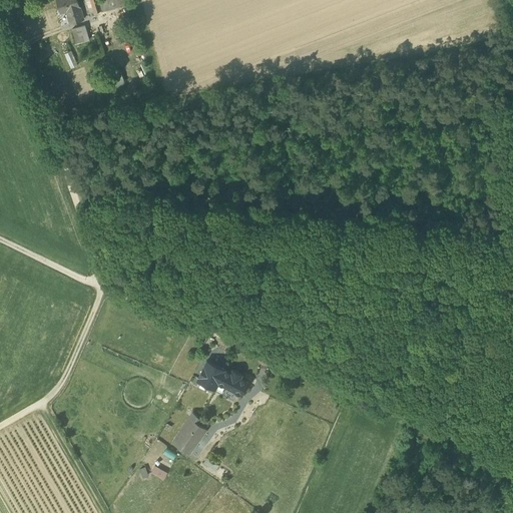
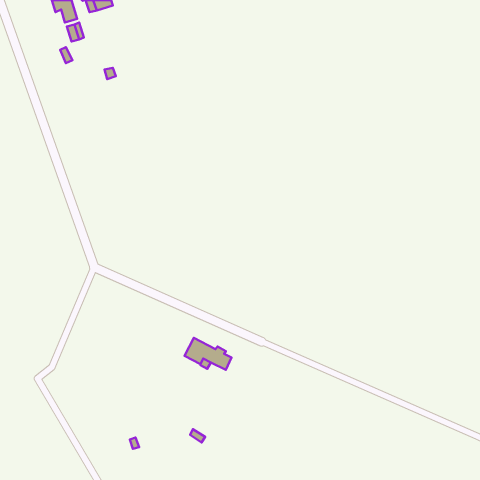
building: [171,414,205,454] -> none

